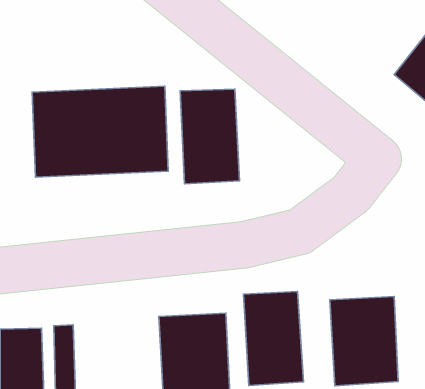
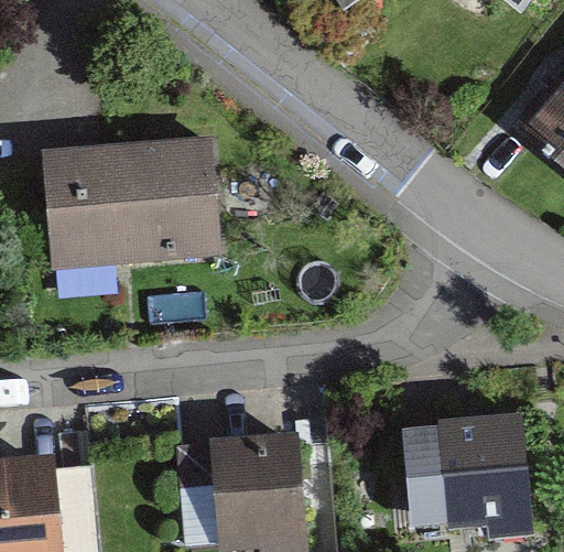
building: [180,89,239,184] -> none
building: [244,292,303,385] -> none

